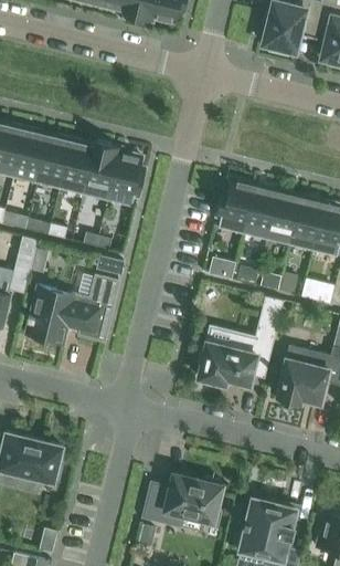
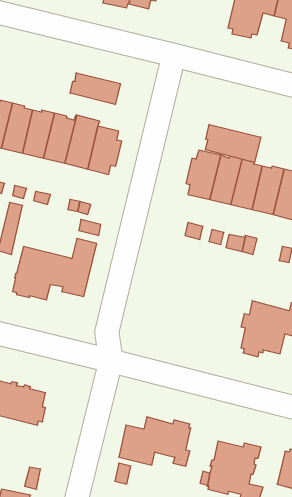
building: none -> [70,73,120,105]
building: none -> [206,124,261,162]
building: [198,296,283,386] -> none

